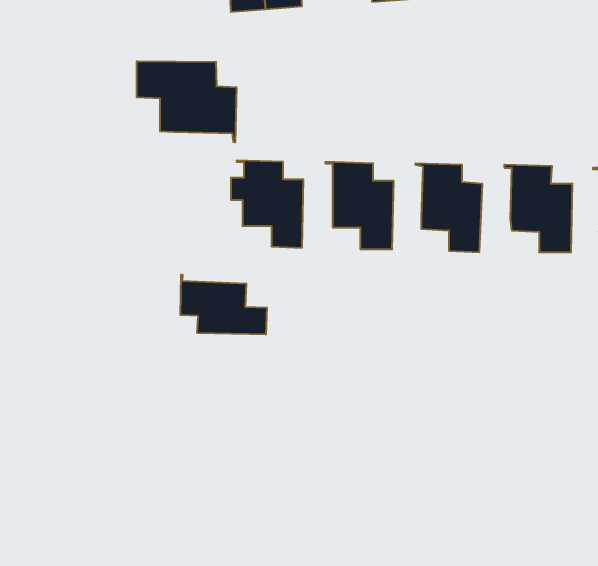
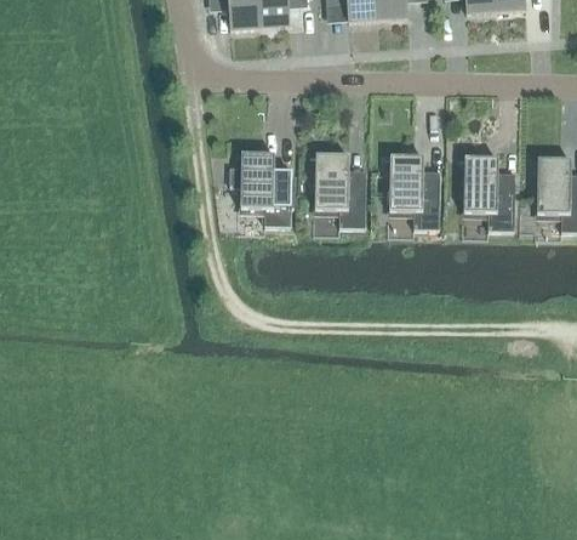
building: [137,61,236,142] -> none
building: [181,275,267,335] -> none

